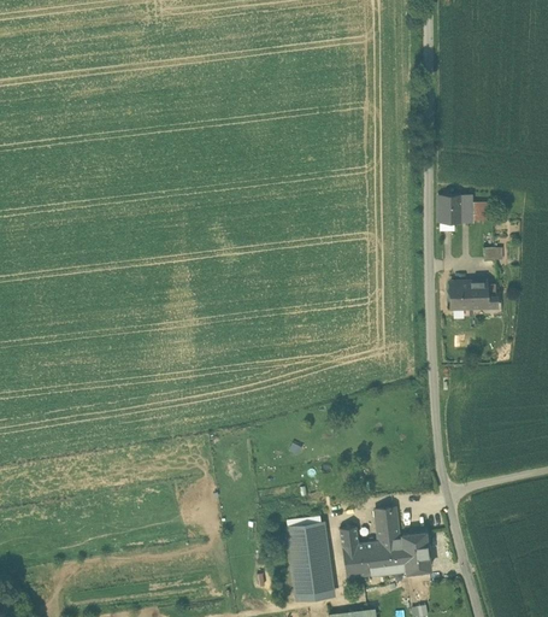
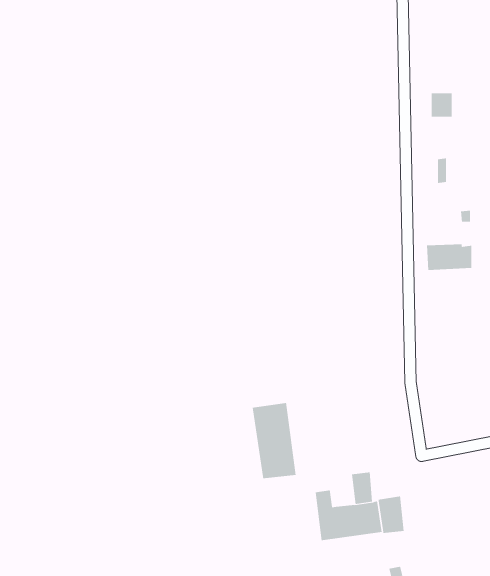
building: [441,196,462,221] -> [431,93,452,117]
building: [288,522,332,598] -> [252,402,297,479]

